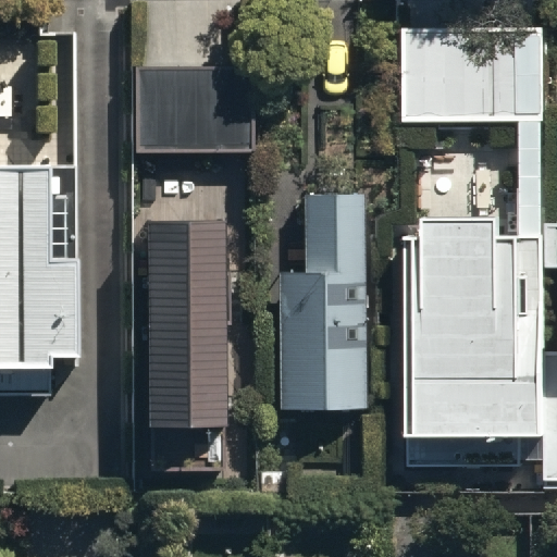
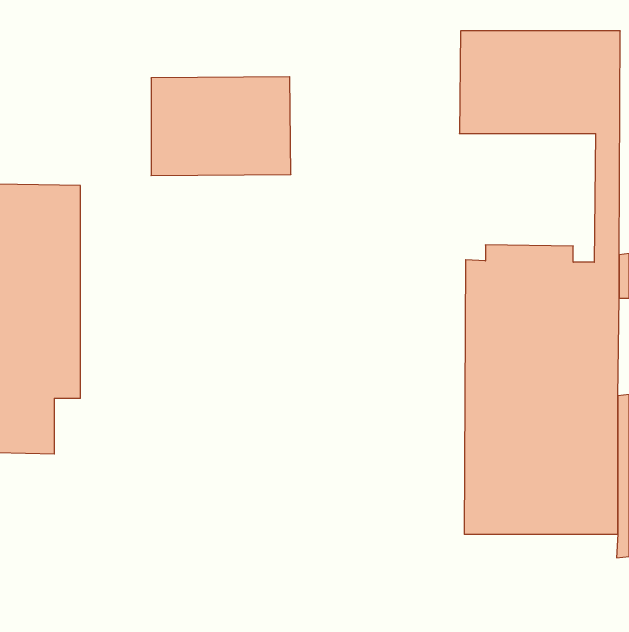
building: [281,199,362,412] -> none
building: [145,219,228,470] -> none

